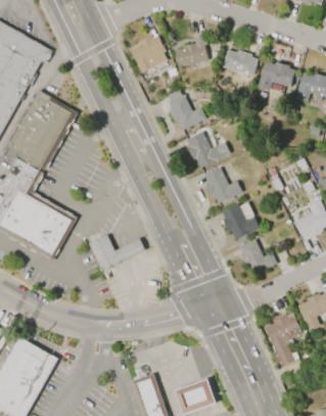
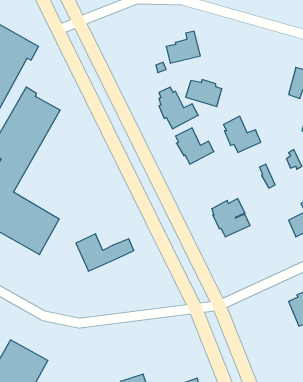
building: [129,33,167,72] -> none
building: [221,48,257,75] -> [186,80,222,107]
building: [260,61,297,90] -> none
building: [202,166,239,202] -> [223,116,261,153]
building: [238,237,276,273] -> none
building: [264,308,300,368] -> none

